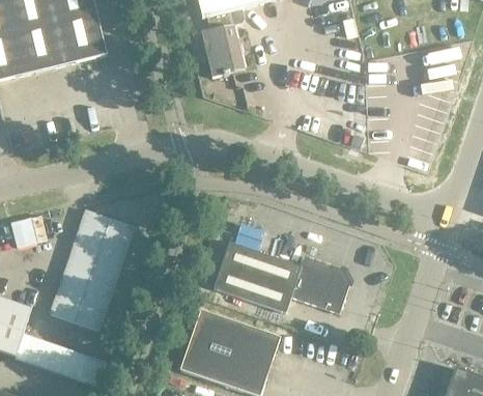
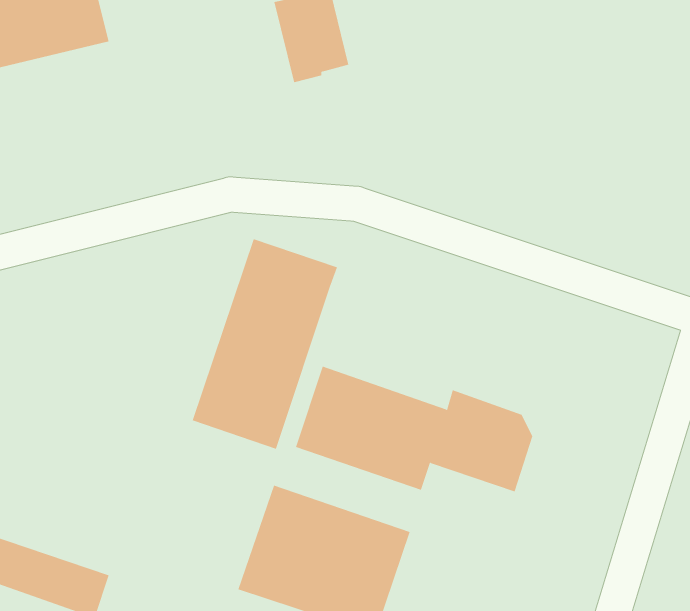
building: [50,209,134,331] -> [192,238,338,449]

